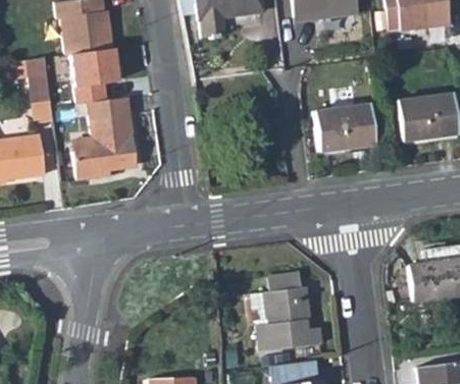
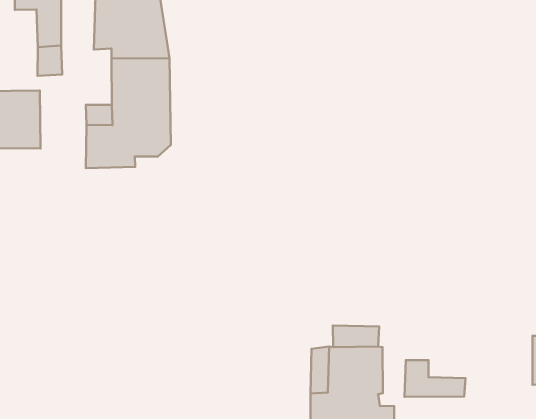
building: [316,106,376,153] -> none
building: none -> [404,360,466,397]

